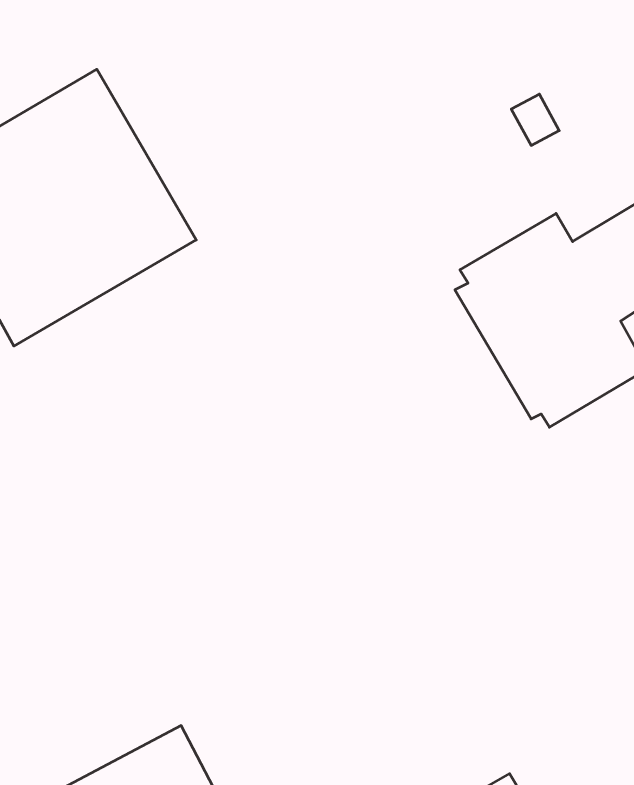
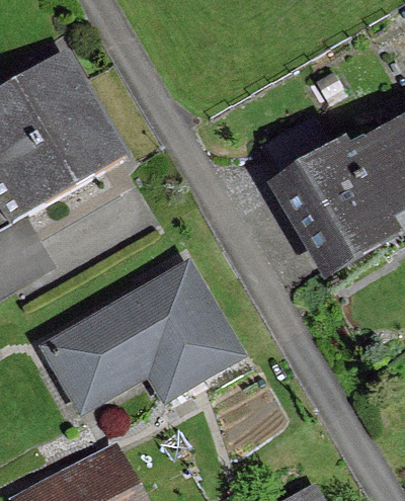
building: none -> [49,263,240,396]

